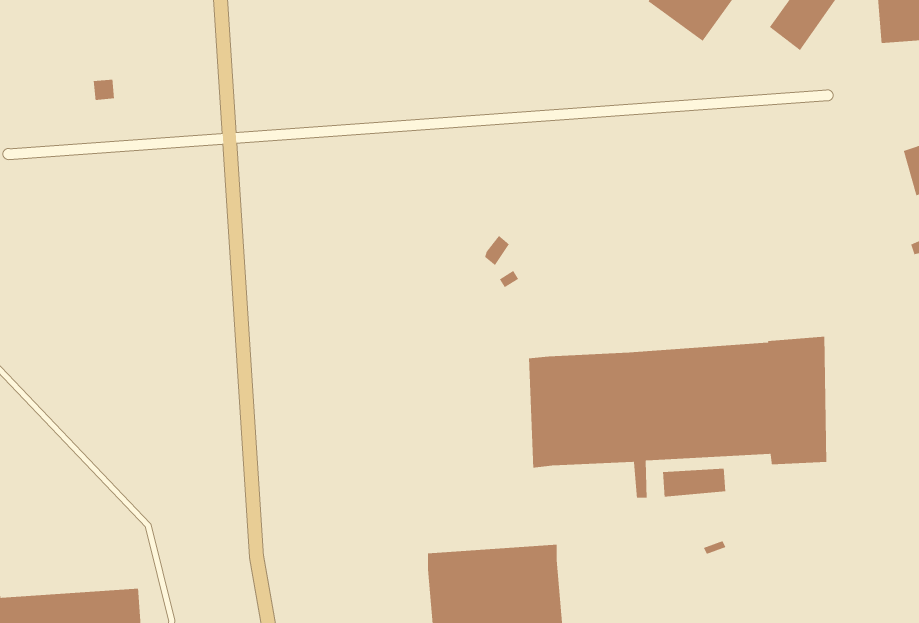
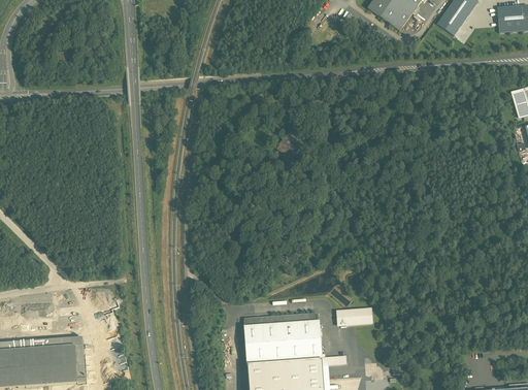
building: [528,336,827,499] -> none
building: [662,468,726,497] -> [337,307,373,324]

